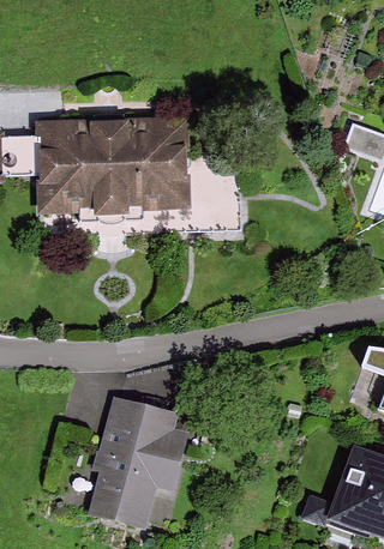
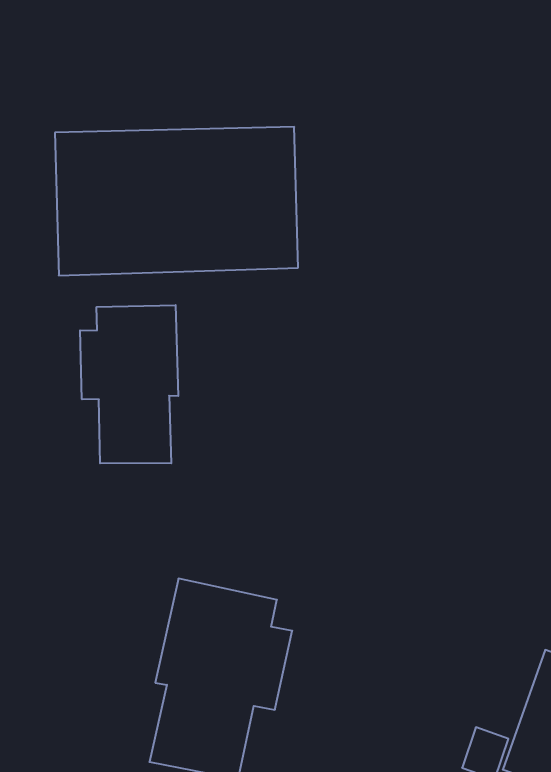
building: none -> [80,305,178,463]

